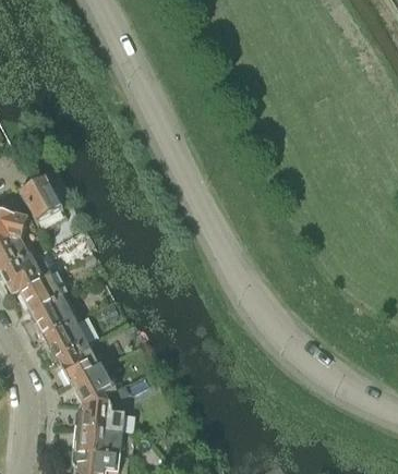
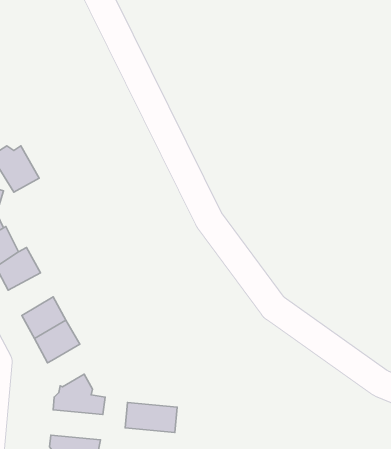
building: [33,297,75,338] -> none
building: [74,364,116,405] -> none
building: [73,427,122,455] -> [125,403,177,433]

